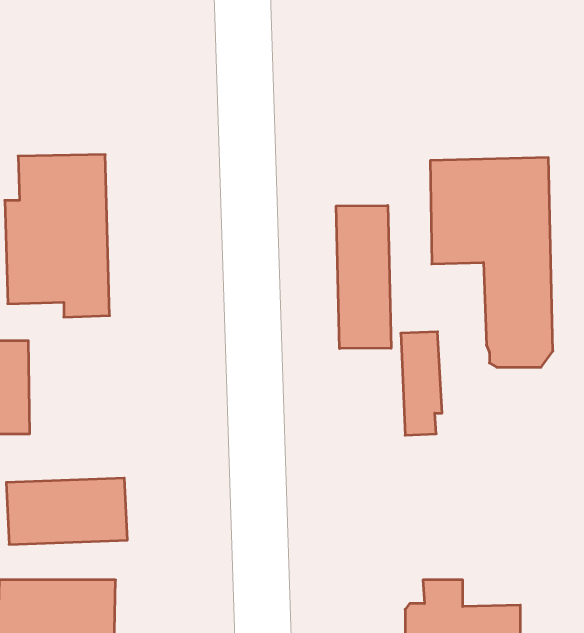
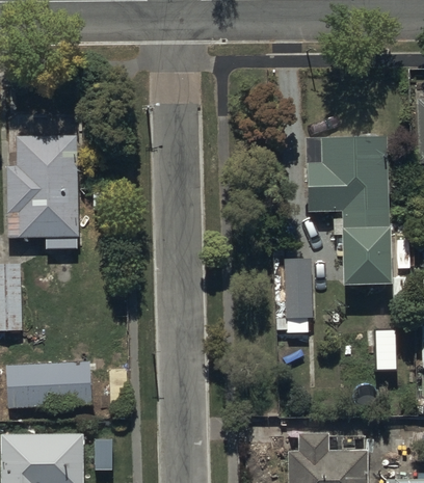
building: [336,205,391,349] -> none

